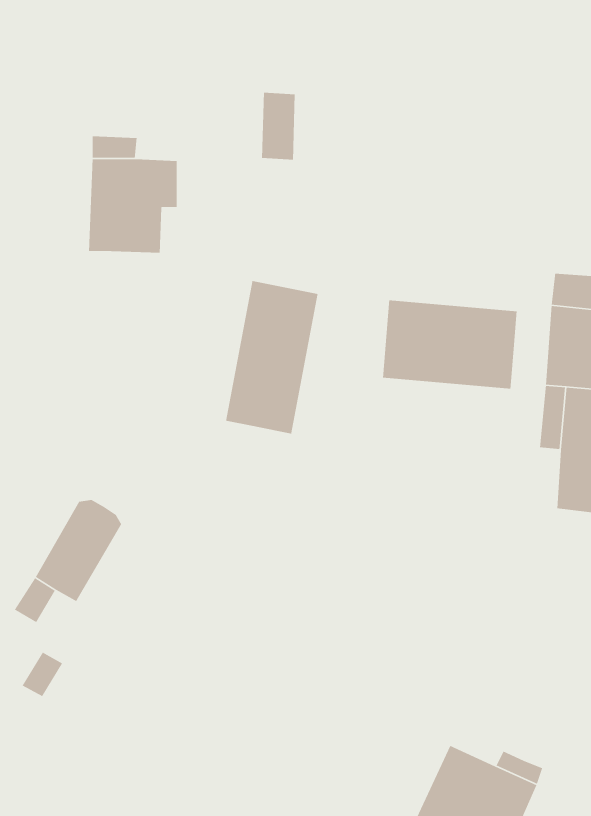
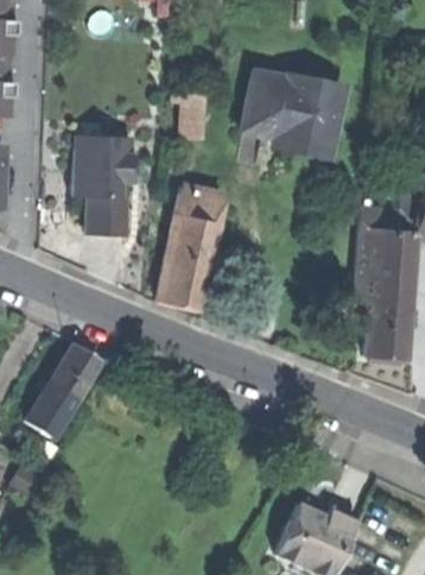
building: none -> [242,71,342,152]
building: none -> [176,187,223,222]
building: none -> [87,196,127,235]
building: [382,300,518,390] -> none

